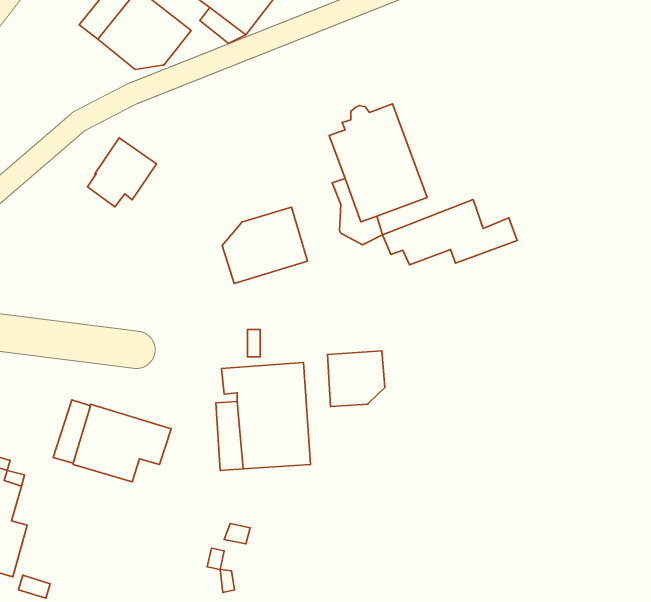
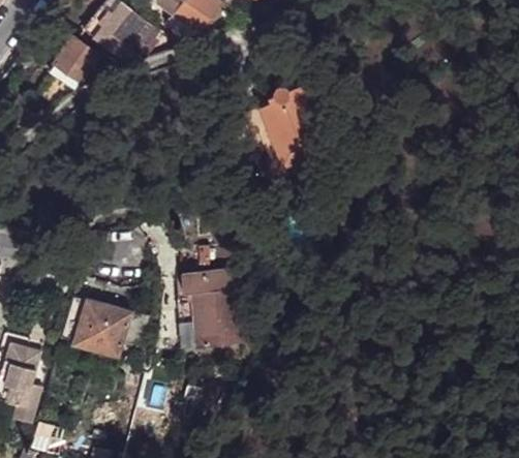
building: [88,138,157,207] -> [49,36,98,86]
building: [383,200,517,265] -> none
building: [222,207,307,284] -> none
building: [327,351,385,406] -> none

